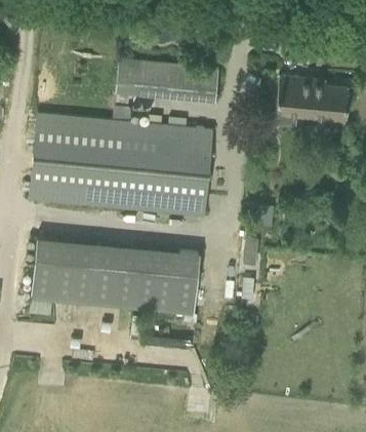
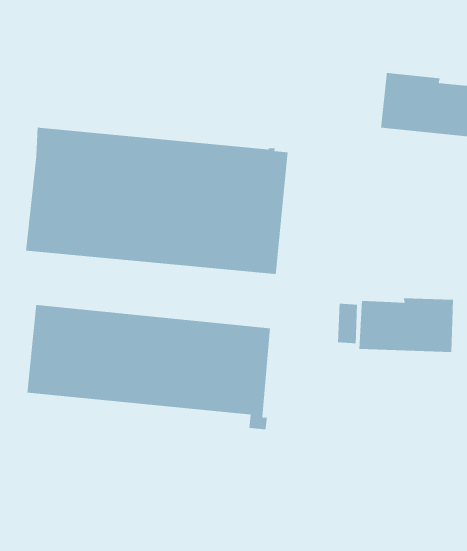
building: [117,61,217,103] -> none
building: none -> [358,298,454,353]

